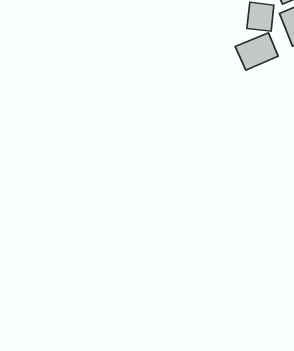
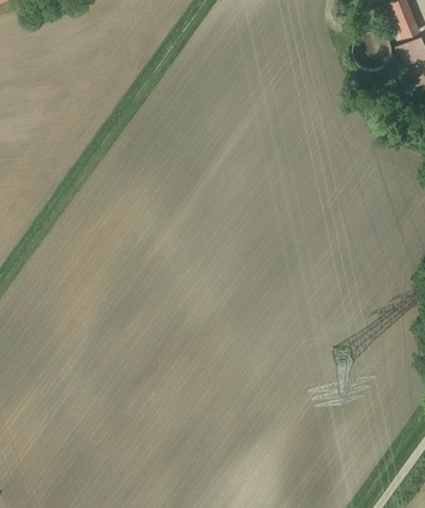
building: [235,33,278,70] -> none

